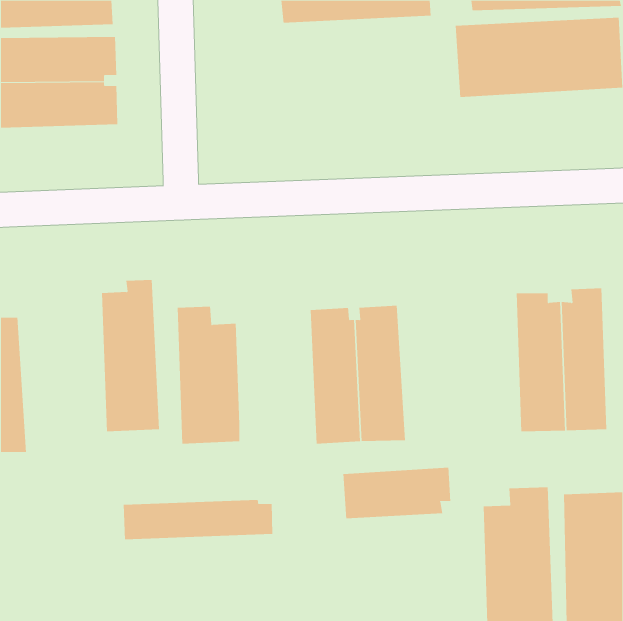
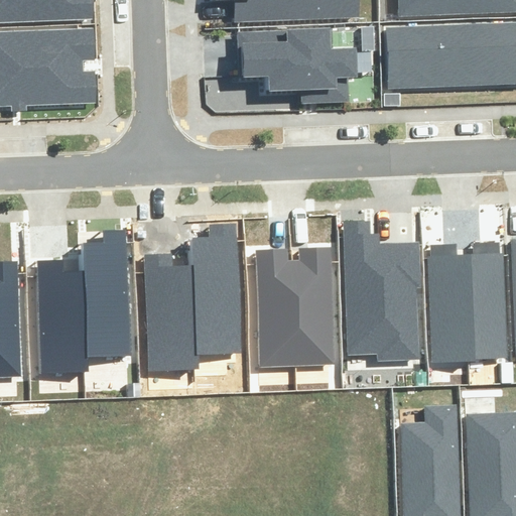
building: none -> [235,28,349,92]
building: none -> [342,219,418,360]
building: none -> [194,227,242,353]
building: none -> [36,260,89,374]
building: [343,467,451,519] -> none
building: [123,499,273,540] -> none

